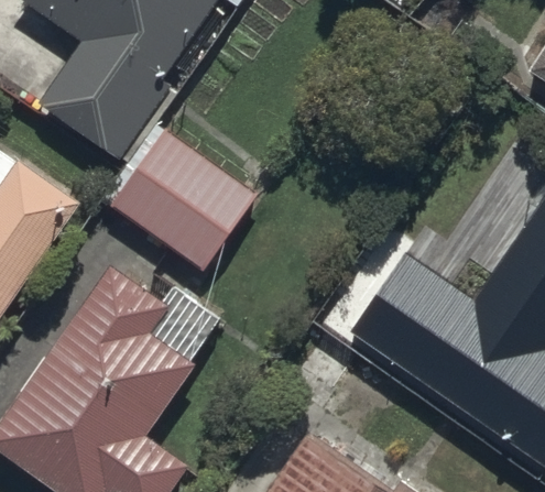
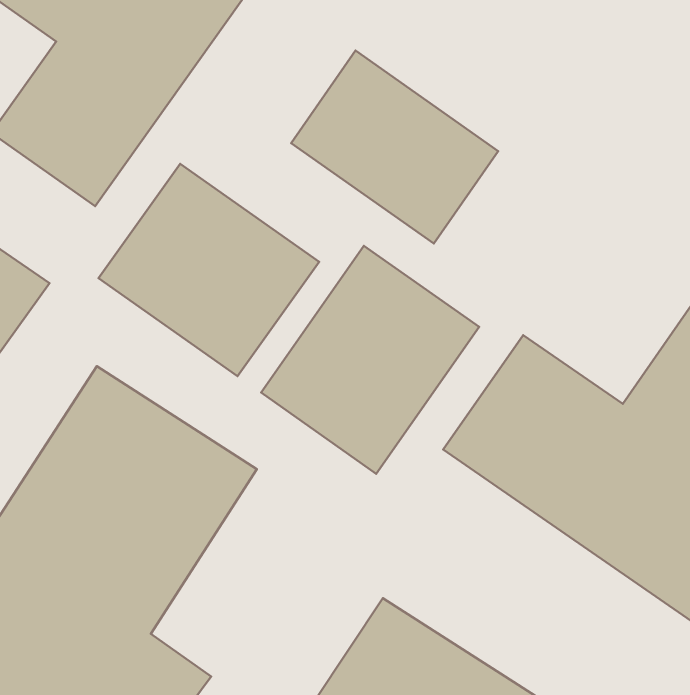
building: none -> [291,51,498,244]
building: none -> [261,246,479,474]

